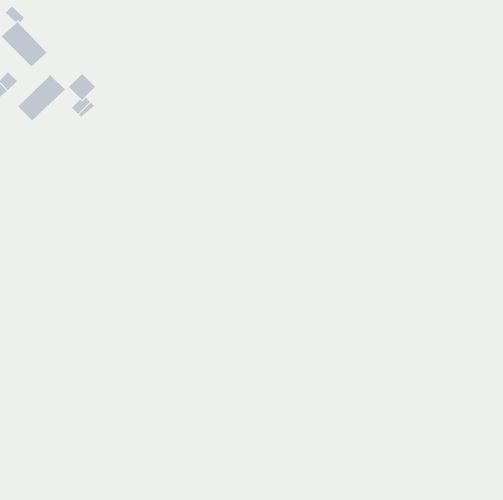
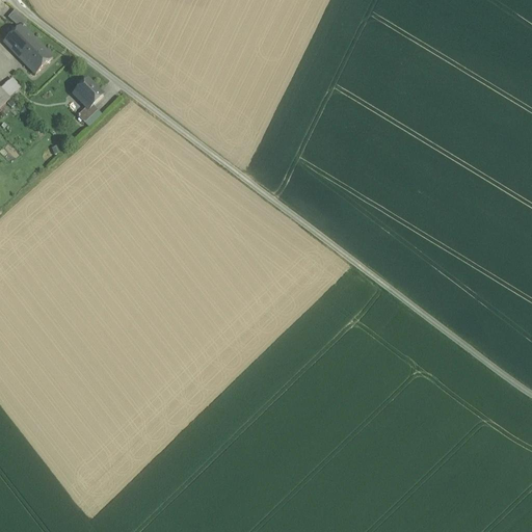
building: [17,74,66,121] -> none

